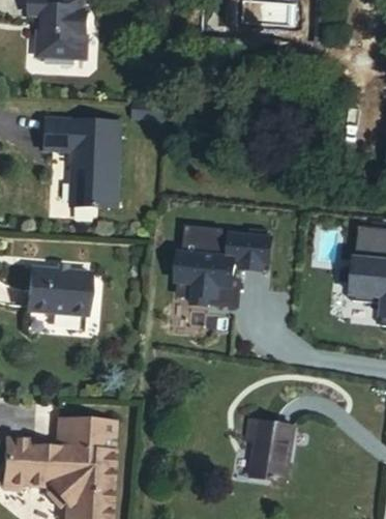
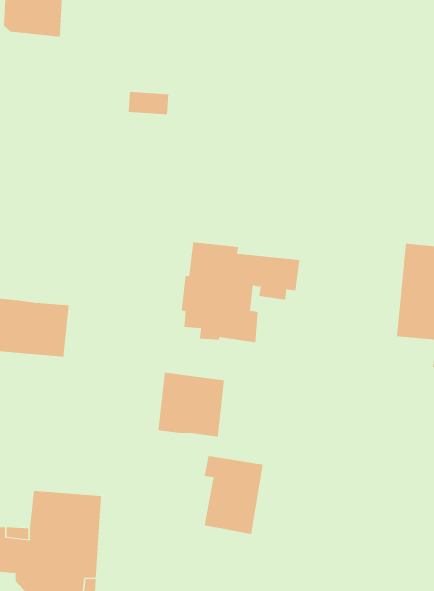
building: [39,115,120,206] -> none
building: none -> [158,372,225,437]
building: [249,413,297,477] -> [204,456,263,535]

